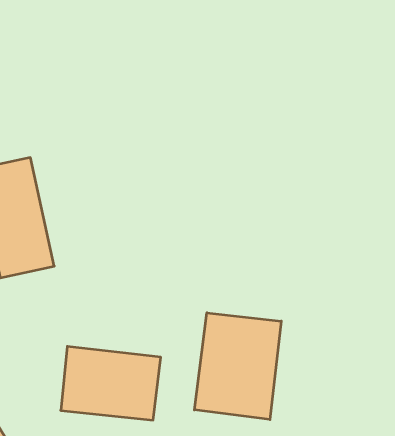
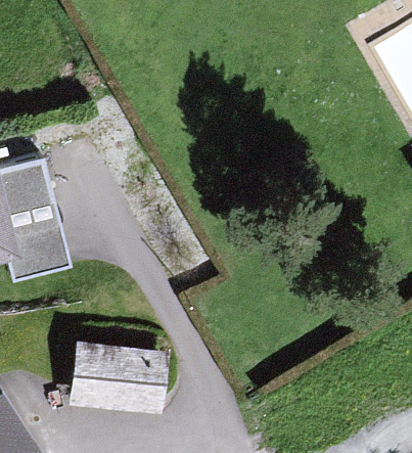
building: [194,313,281,420] -> none

